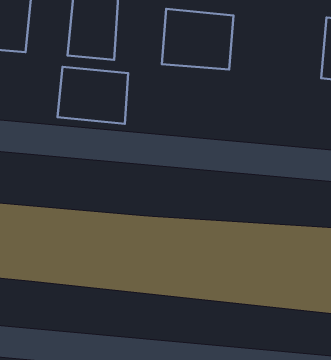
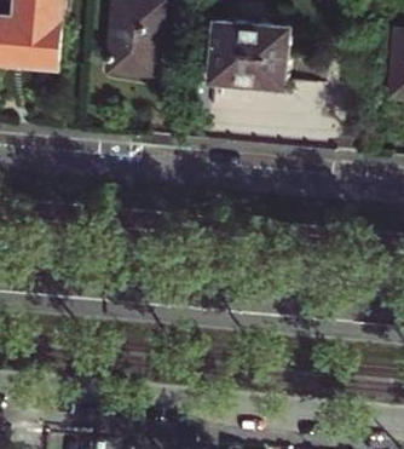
building: [58,67,128,124] -> none

